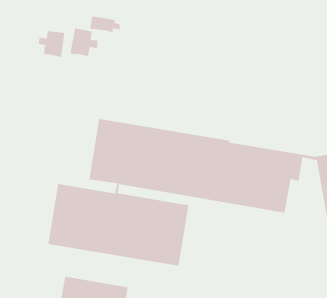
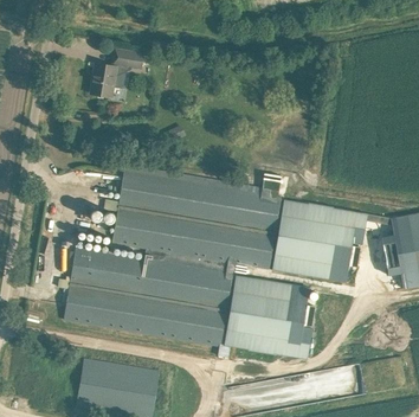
building: [38,30,65,58] -> none
building: none -> [225,275,314,359]

